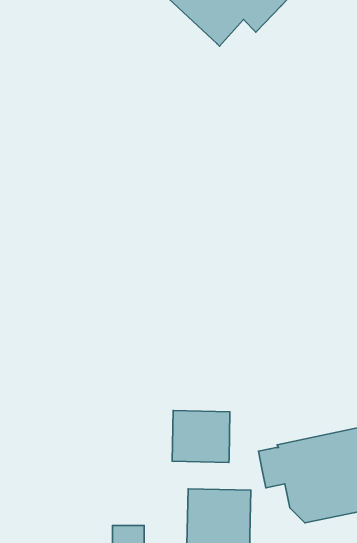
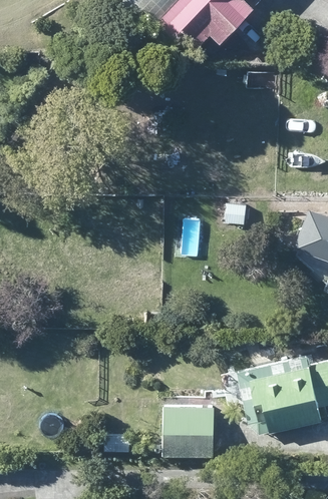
building: [172,411,230,462] -> none

